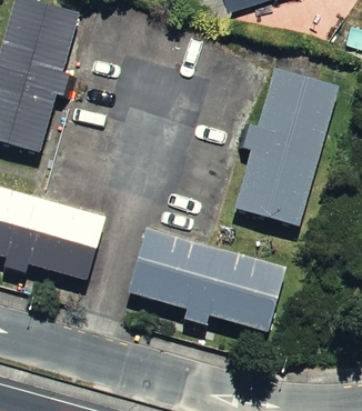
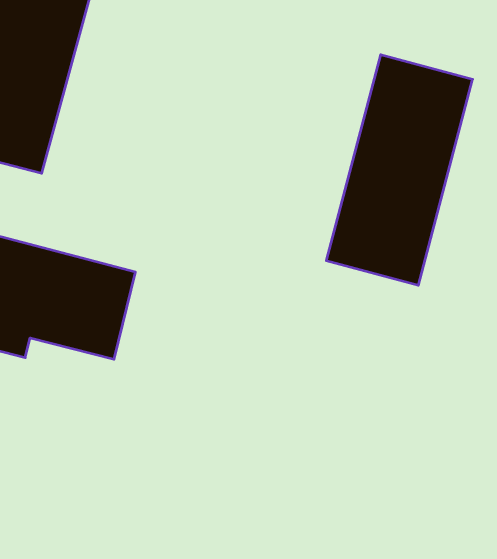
building: [131,230,283,325] -> none

